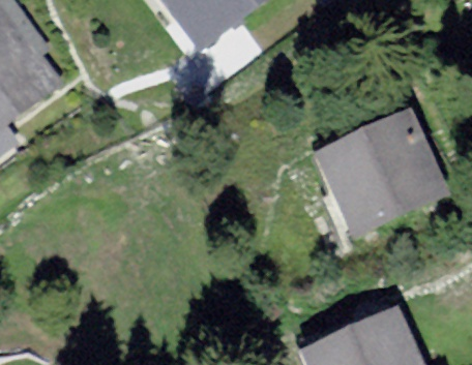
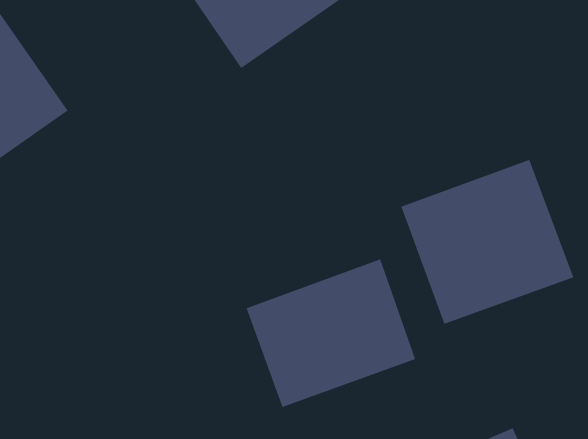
building: none -> [246,259,416,408]

